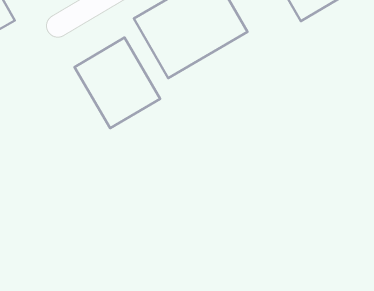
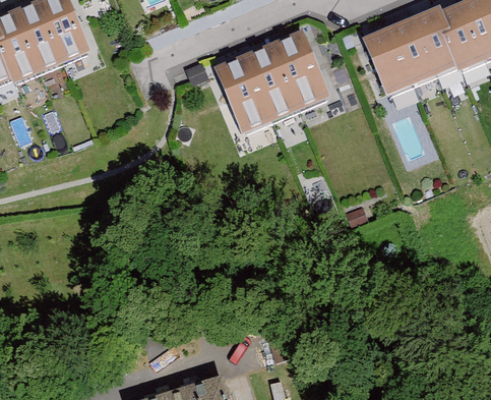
building: [75,38,160,128] -> none

